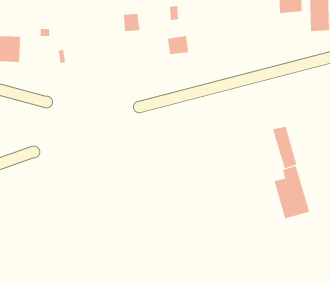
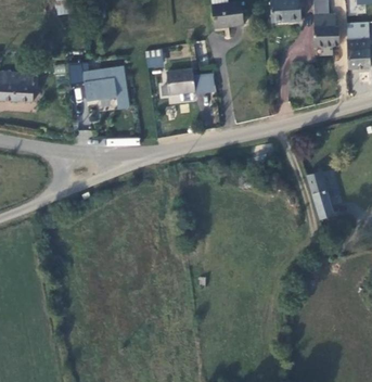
building: none -> [84,67,129,110]
building: none -> [165,71,194,94]
building: [274,165,310,219] -> none

